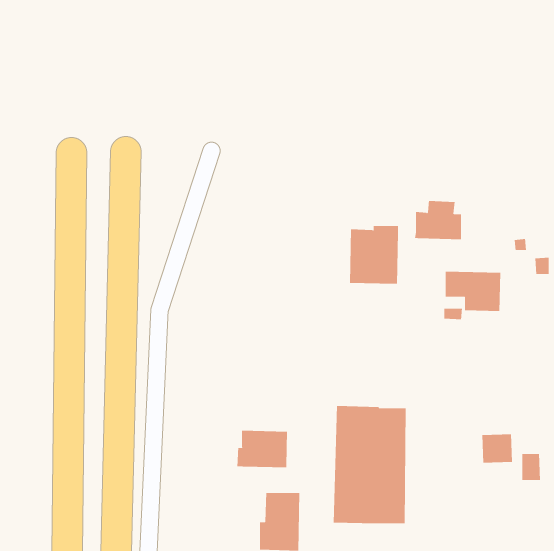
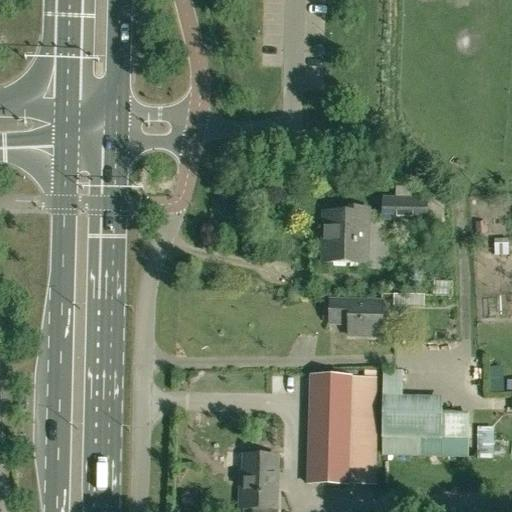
building: [445,271,501,311] -> [330,298,382,335]
building: none -> [381,367,469,456]
building: [237,430,288,468] -> none

